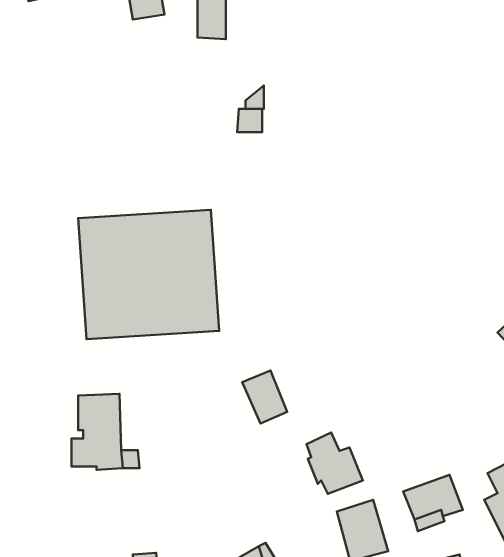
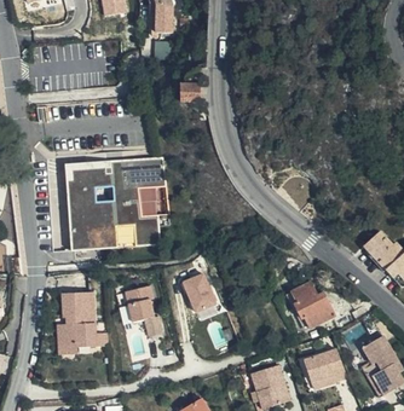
building: none -> [126,285,154,322]
building: [306,432,363,494] -> [290,280,331,325]

